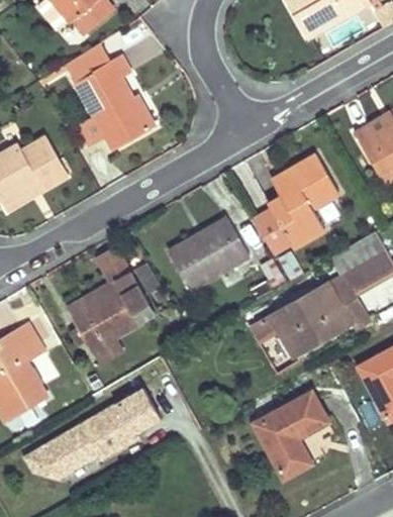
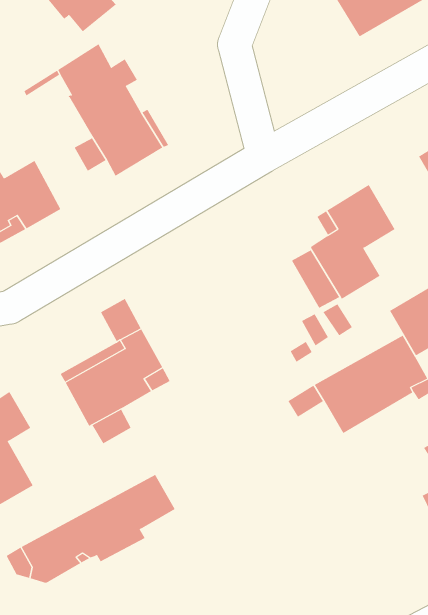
building: [169,217,250,289] -> none
building: [255,390,328,476] -> none

